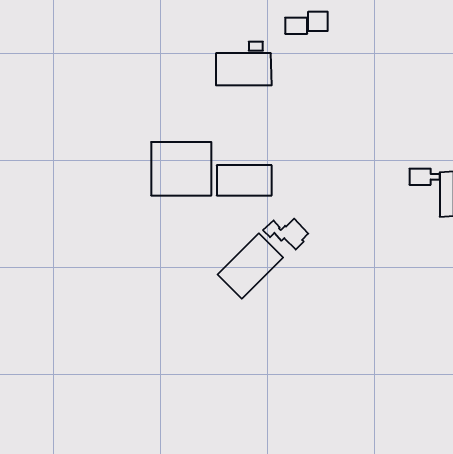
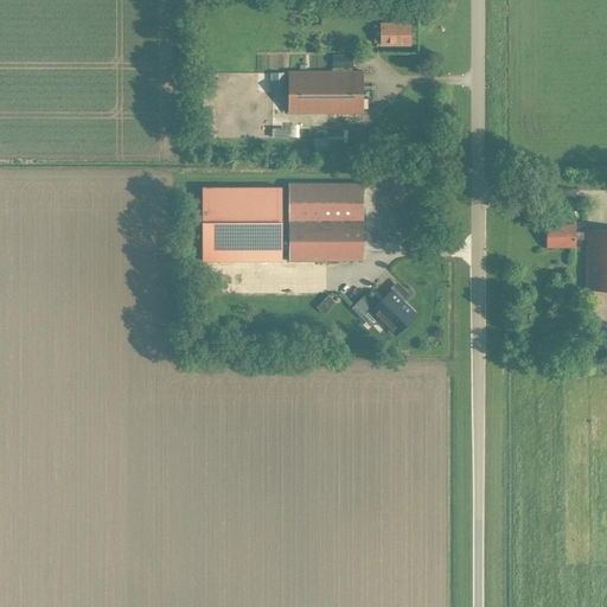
building: [308,12,328,31] -> none
building: none -> [290,183,364,221]
building: [218,233,283,299] -> none

